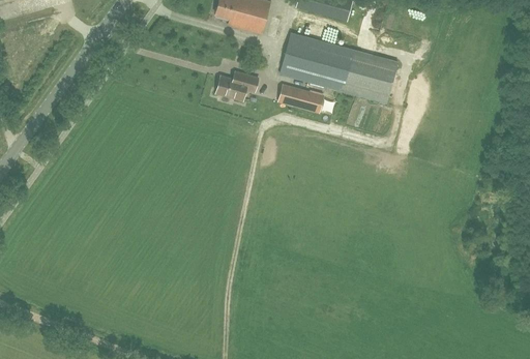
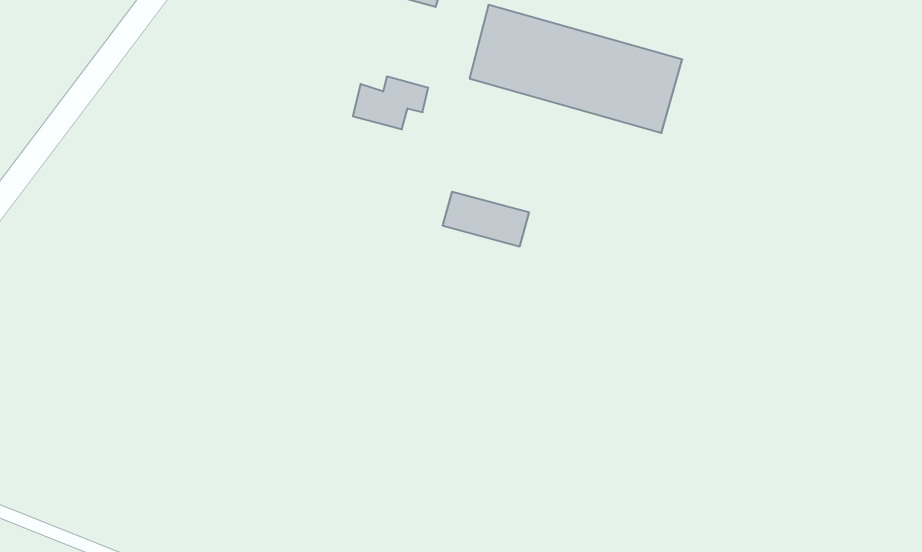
building: [276,83,324,113] -> [443,192,529,246]

